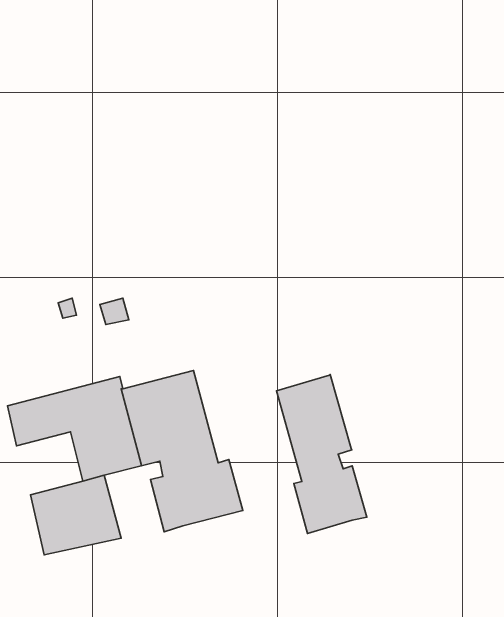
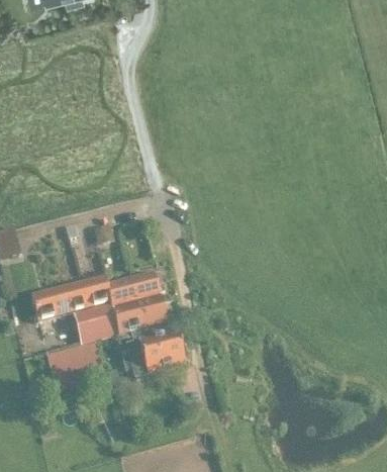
building: [276,375,367,533] -> none

